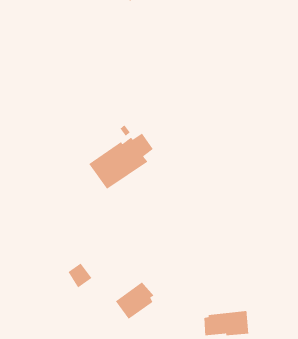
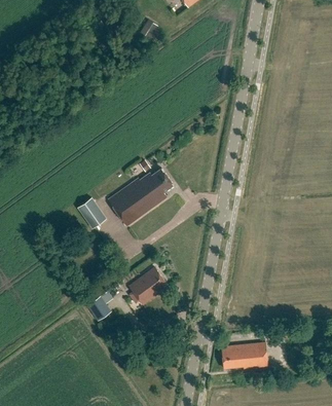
building: none -> [77,197,106,228]
building: [115,281,154,320] -> [128,266,168,304]

